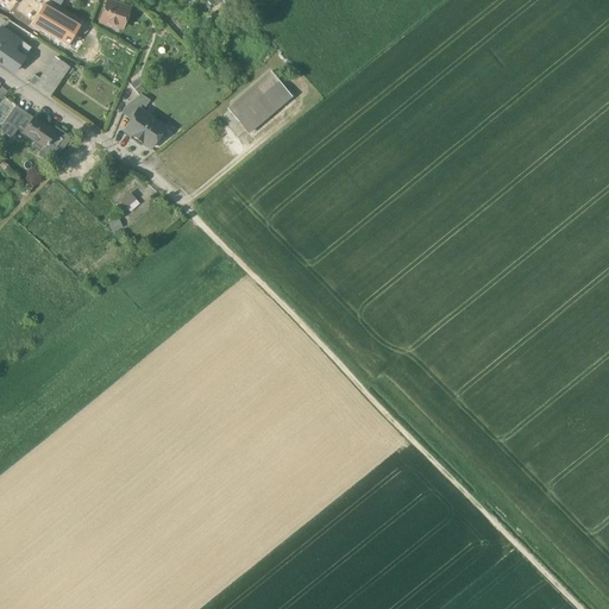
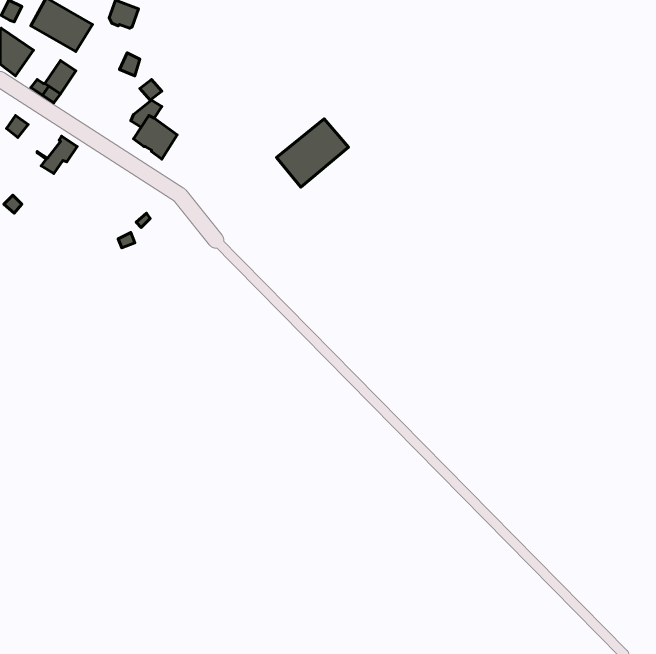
building: [228,68,295,131] -> [277,119,348,187]
building: [23,115,56,146] -> none

